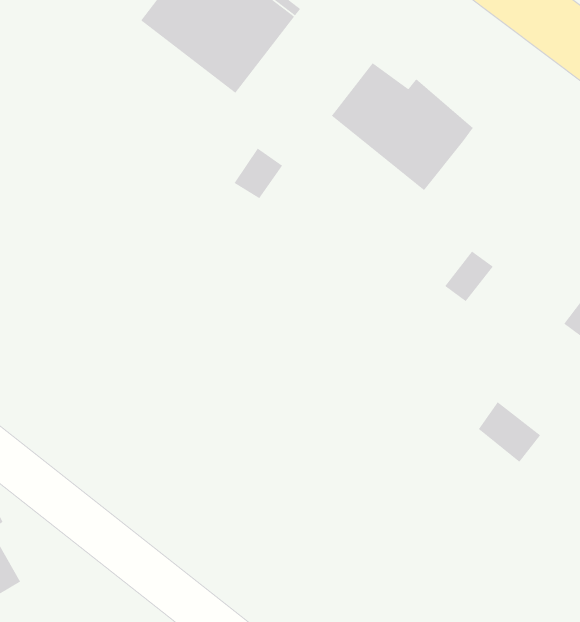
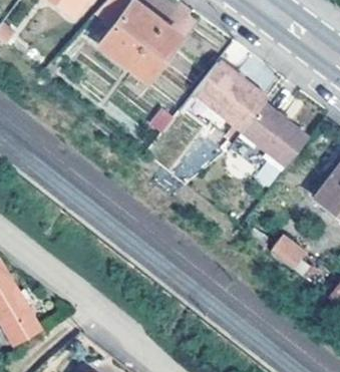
building: none -> [244,105,310,166]

